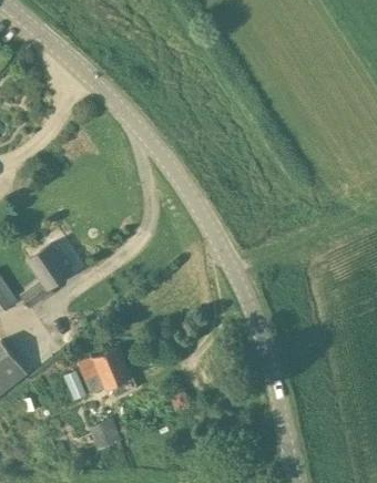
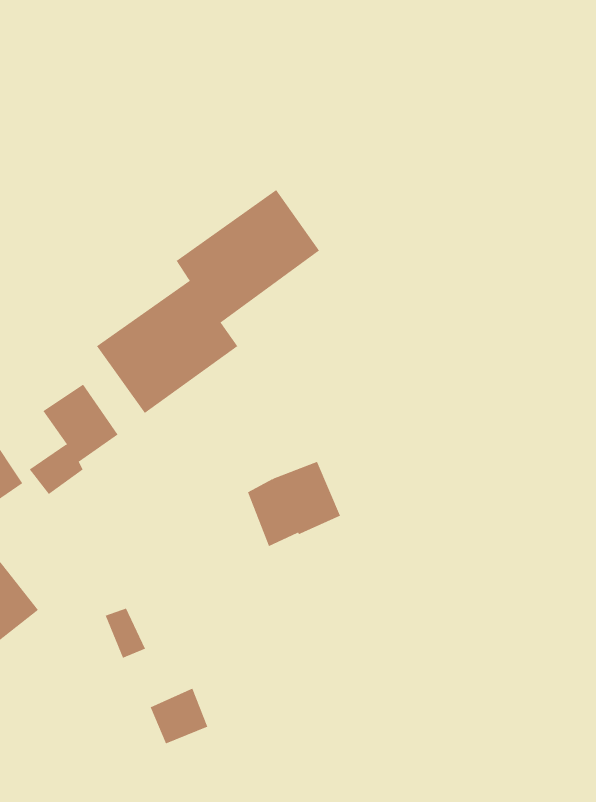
building: none -> [96,189,320,414]
building: [79,346,132,394] -> [247,461,341,547]

